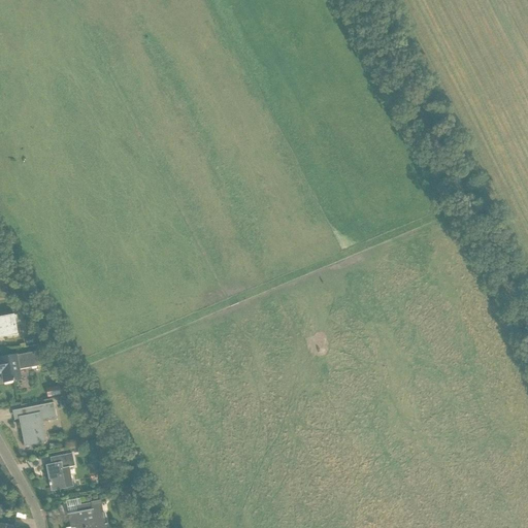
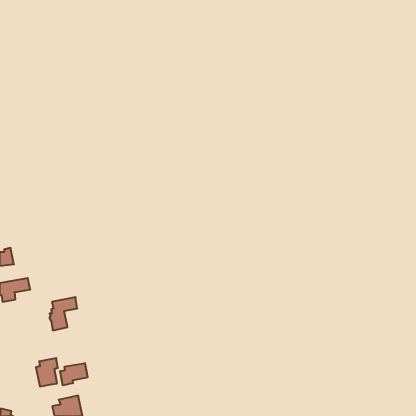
building: [21,402,56,444] -> [50,297,77,330]
building: none -> [60,363,88,385]

